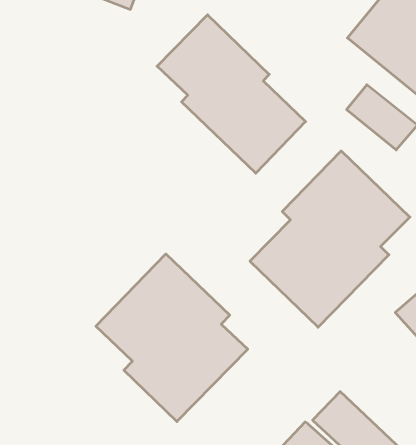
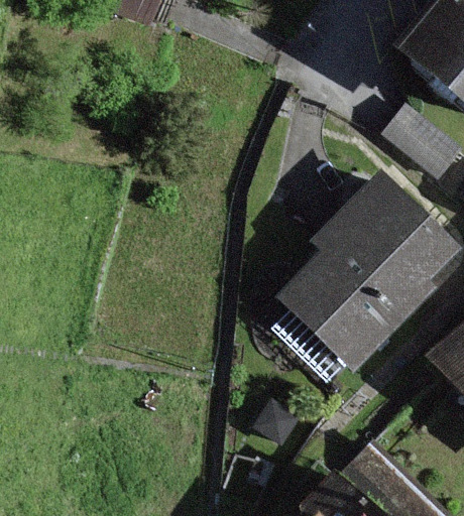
building: [157,15,306,173] -> none
building: [96,254,248,422] -> none

